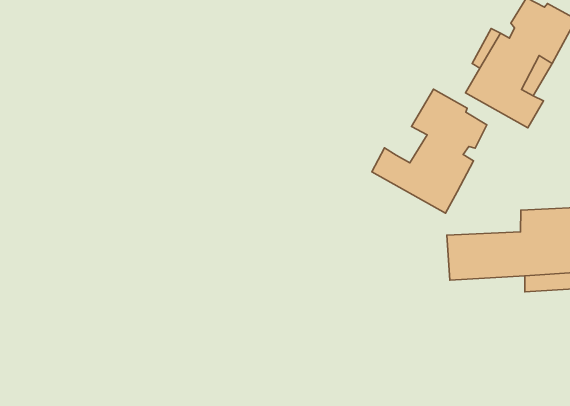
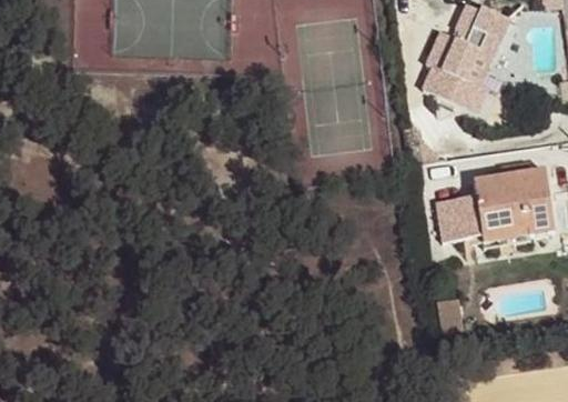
building: [372,89,487,213] -> none

